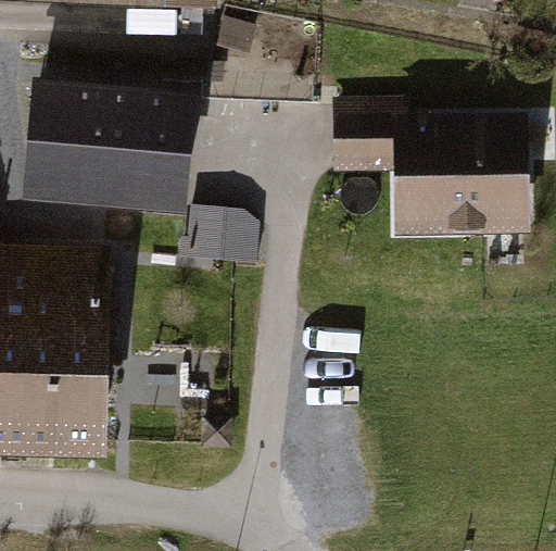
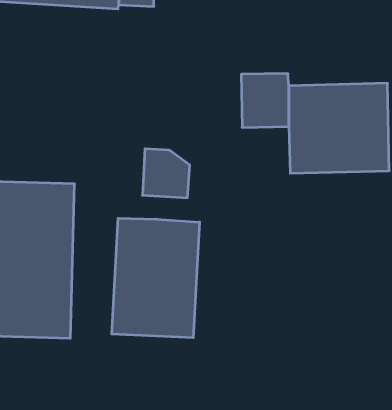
building: [18,75,195,214] -> none
building: none -> [112,218,200,338]

